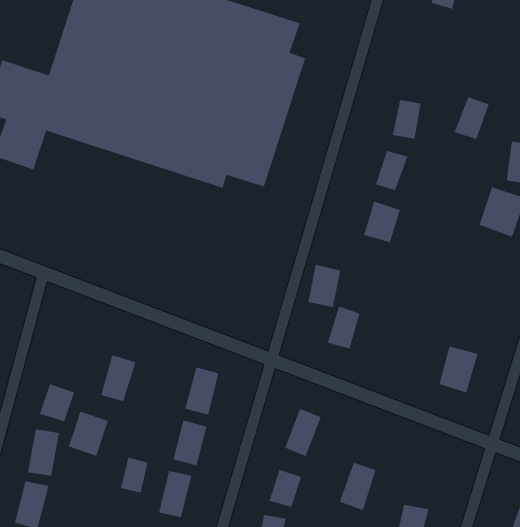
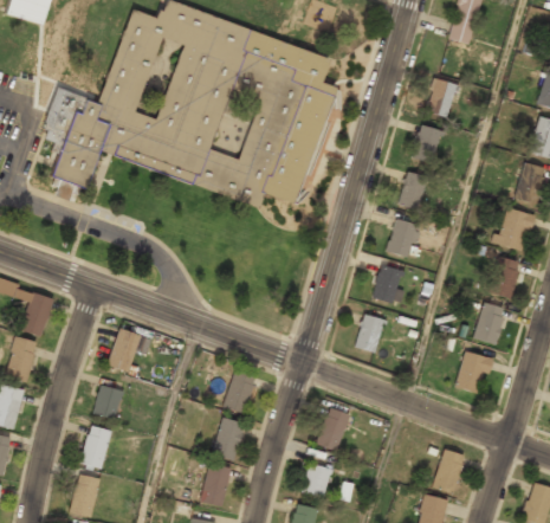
building: [454,96,490,140] -> [425,77,458,117]
building: none -> [491,256,522,297]
building: [308,264,341,308] -> [375,263,406,303]
building: none -> [474,302,507,343]
building: [100,354,137,402] -> [108,329,141,373]
building: [68,411,109,457] -> none
building: [120,456,148,493] -> none
building: [339,462,376,511] -> [432,448,466,493]

